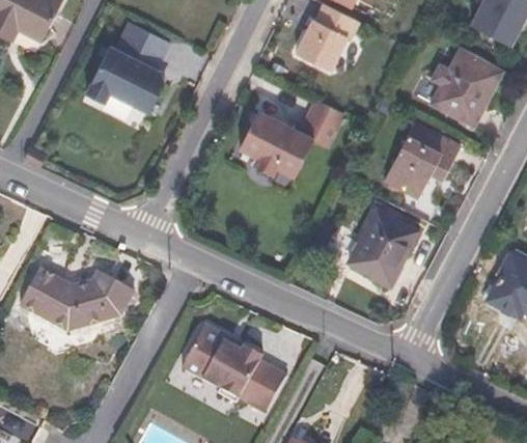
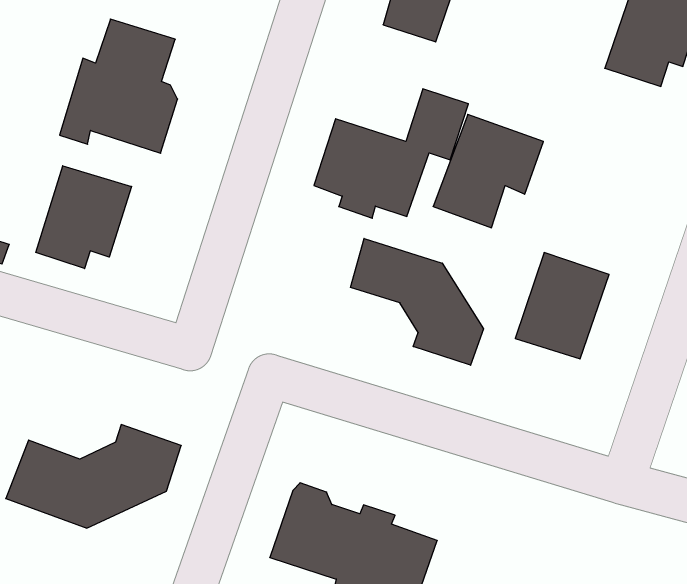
building: none -> [36,166,132,269]
building: [385,122,460,195] -> [433,114,543,228]
building: none -> [350,238,484,365]

